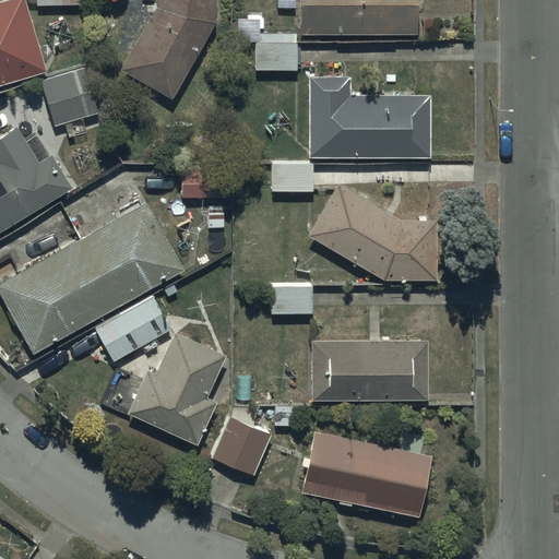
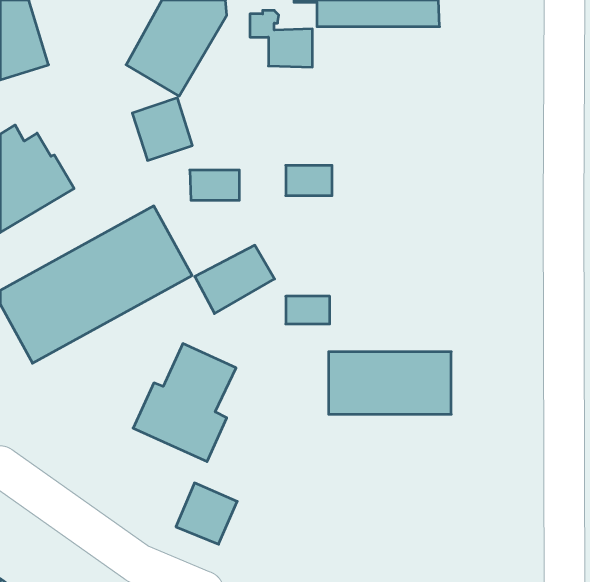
building: [41,69,98,128] -> [132,98,192,160]
building: [309,76,430,157] -> none
building: [308,183,439,280] -> none
building: [95,298,170,362] -> [195,245,275,314]
building: [212,418,270,476] -> [176,483,237,544]
building: [301,431,430,515] -> none

